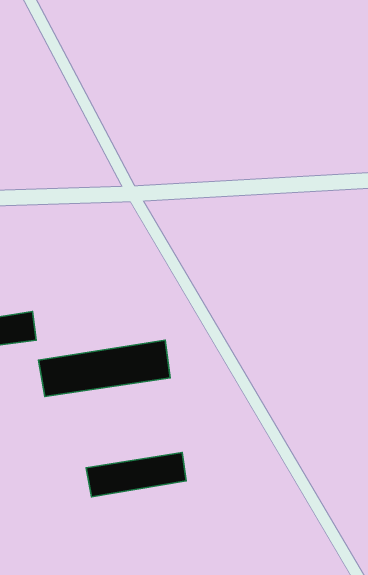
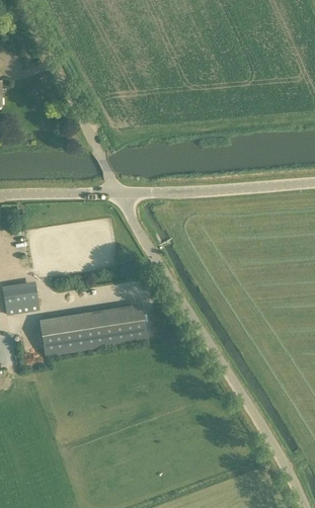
building: [86,453,186,497] -> none

